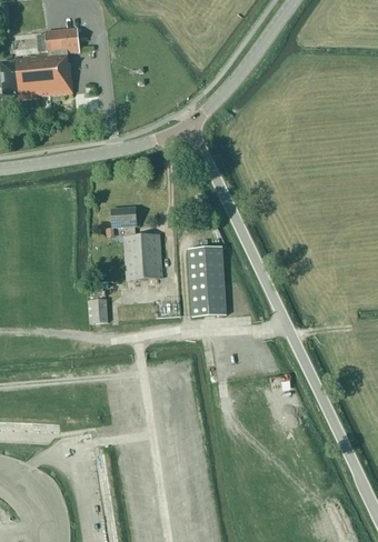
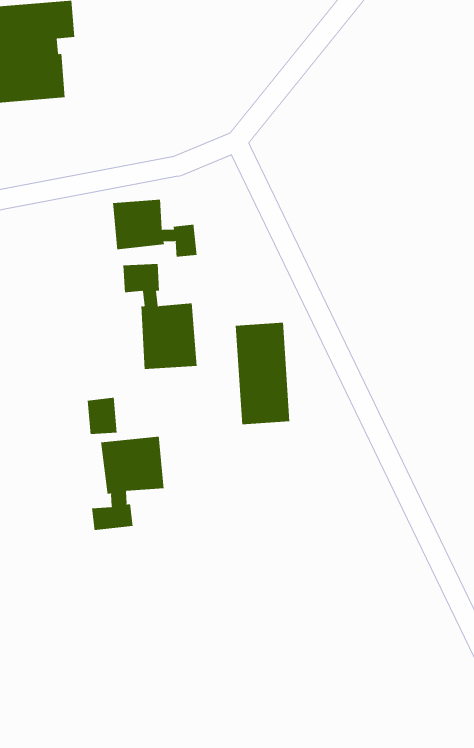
building: none -> [112,199,197,258]
building: none -> [91,436,164,531]

